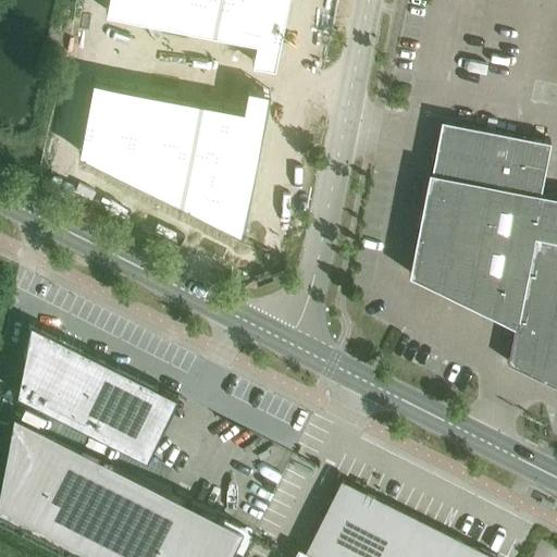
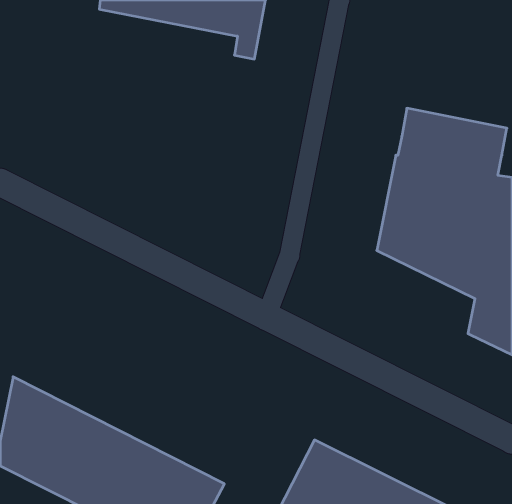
building: [81,86,271,240] -> none
building: [17,331,177,466] -> none

